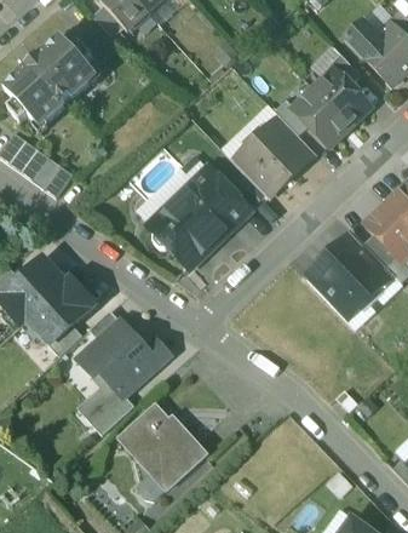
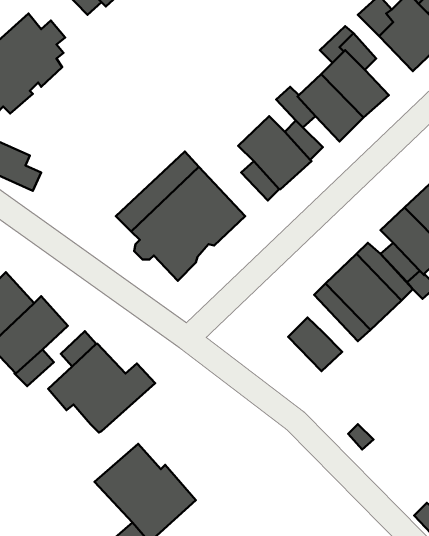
building: none -> [288,317,342,371]
building: [86,389,134,435] -> none

